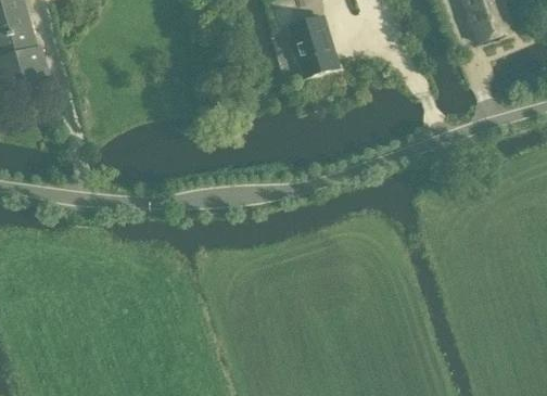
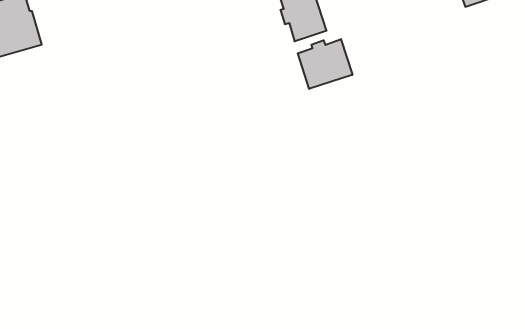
building: none -> [298,39,352,89]

